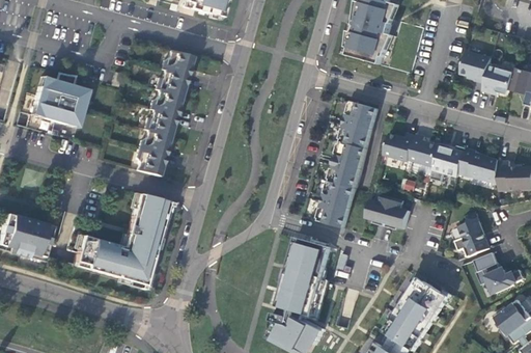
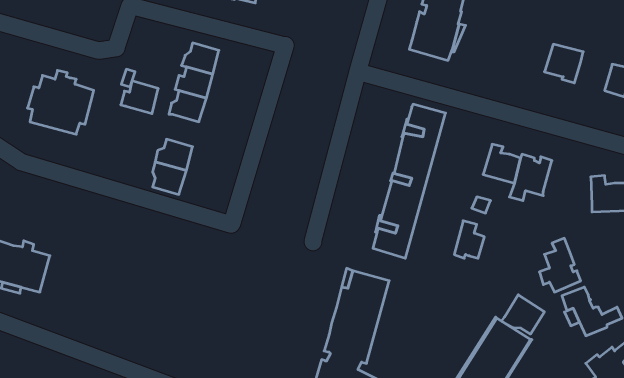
building: [483,65,515,94] -> none
building: [143,109,174,136] -> [121,81,158,114]
building: [385,133,417,161] -> none
building: [459,147,500,184] -> none
building: [74,193,167,284] -> none
building: [367,194,393,225] -> none
building: none -> [502,295,544,334]

